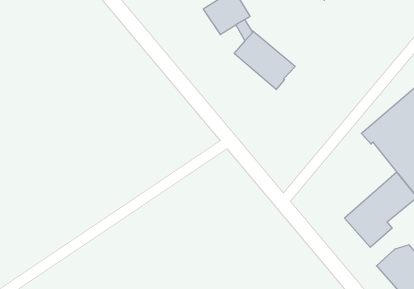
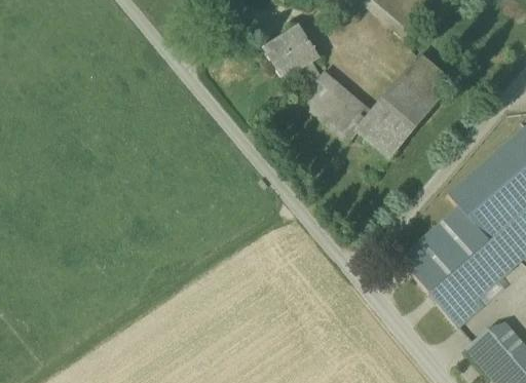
building: none -> [359,56,453,156]
building: none -> [401,203,490,292]

